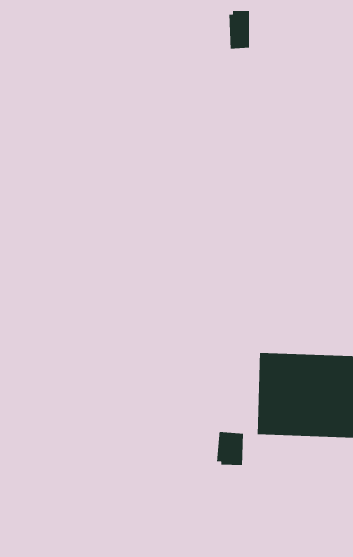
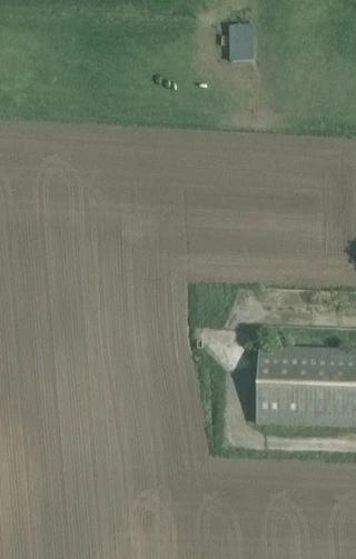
building: [216,431,244,466] -> none

